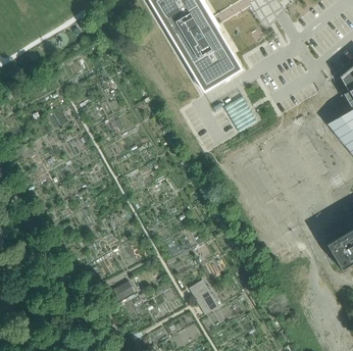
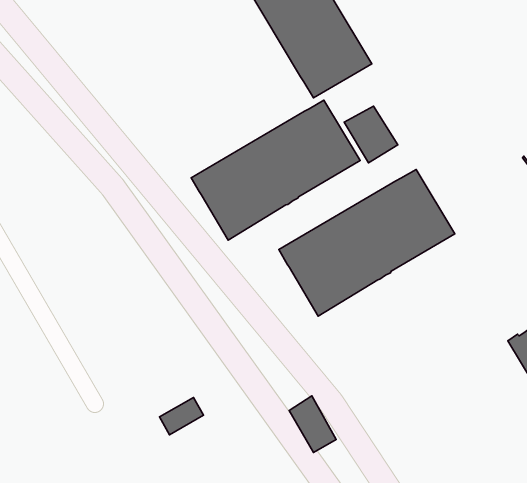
building: none -> [191,100,360,240]
building: none -> [279,169,455,316]

